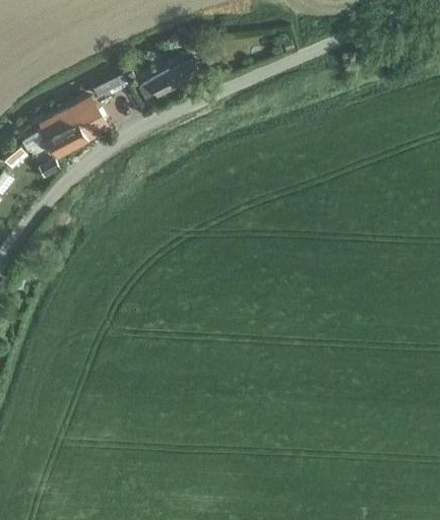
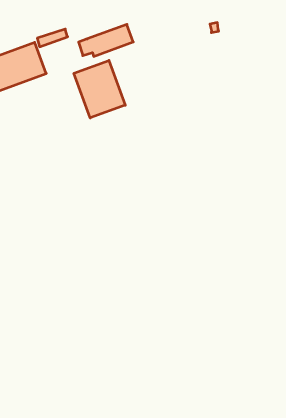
building: none -> [74,60,125,118]

